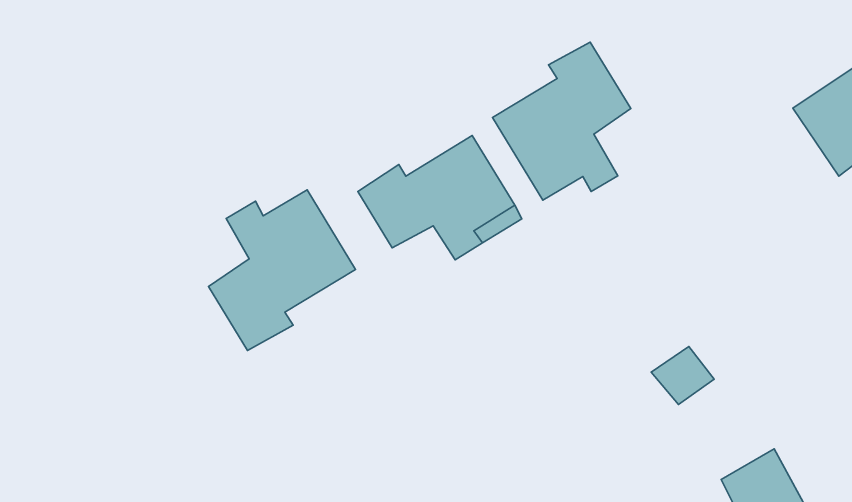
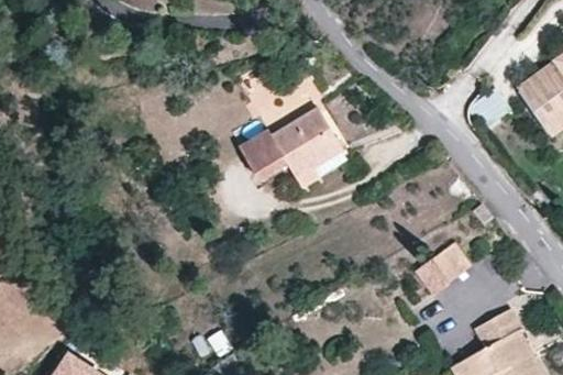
building: [492,42,631,200] -> none
building: [209,190,356,350] -> none

